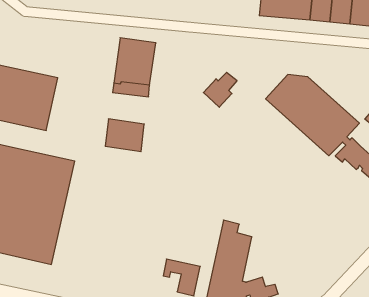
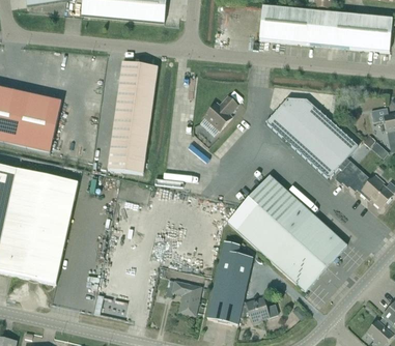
building: none -> [111,115,150,146]
building: none -> [228,175,346,291]

